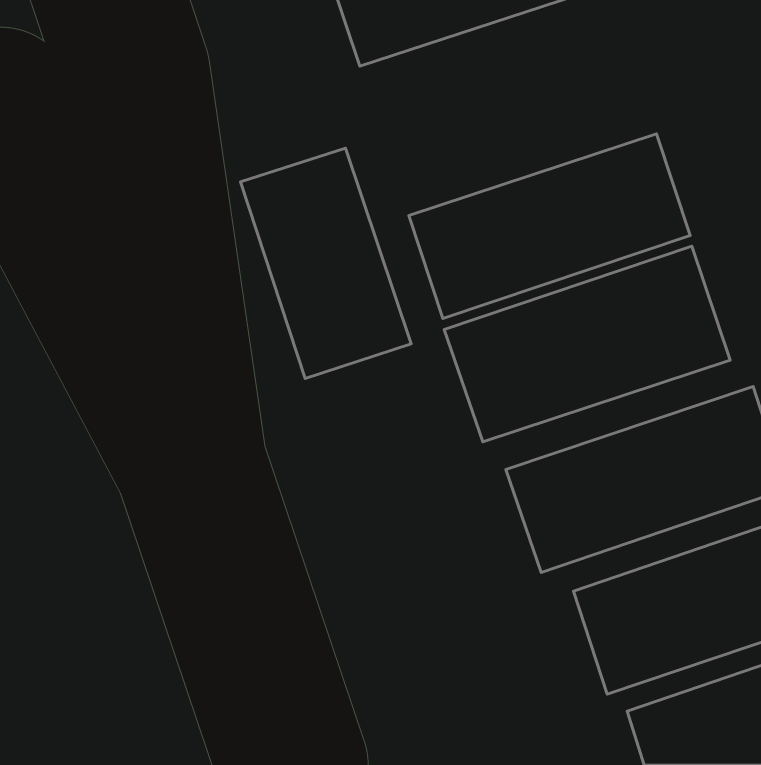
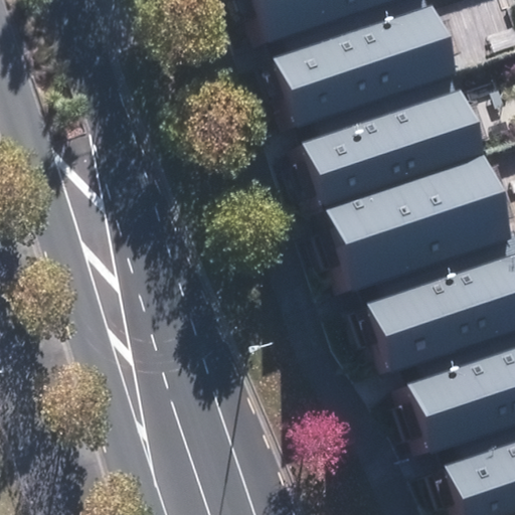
building: none -> [259,9,443,131]
building: [241,148,411,378] -> none

